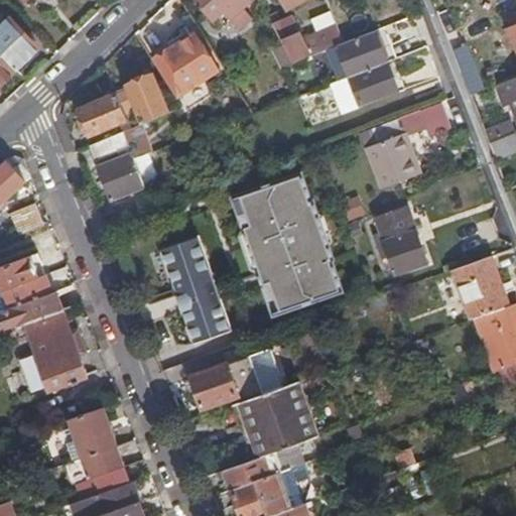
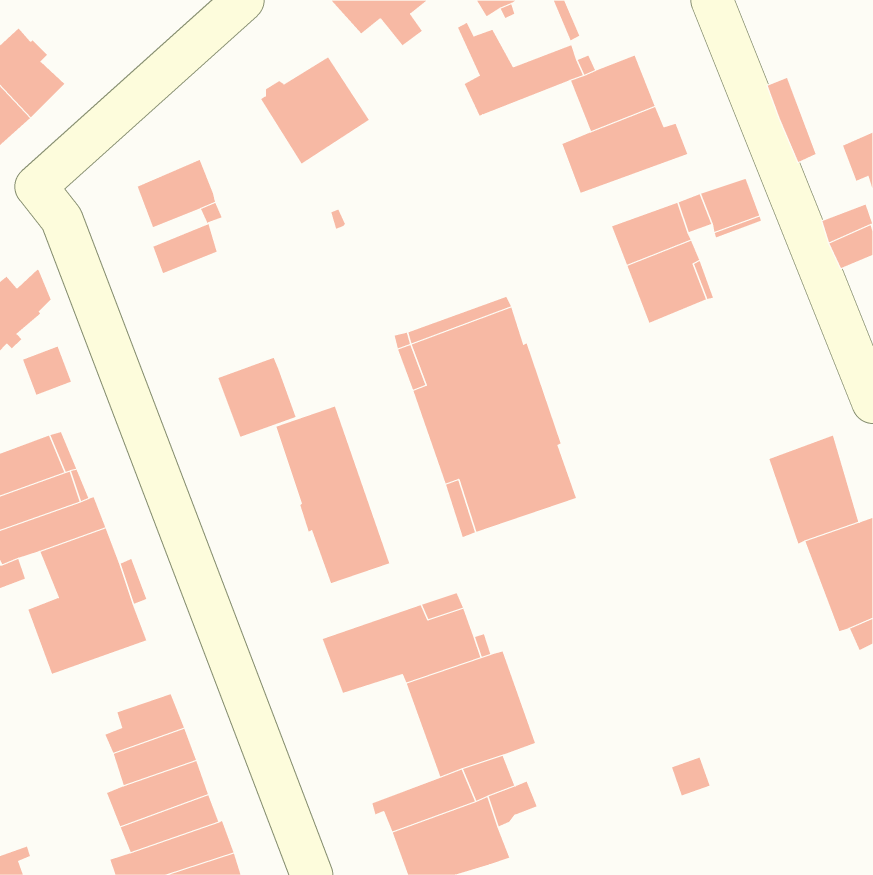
building: [117,76,168,123] -> none
building: [97,153,143,201] -> [218,357,296,438]
building: [373,208,425,273] -> none

